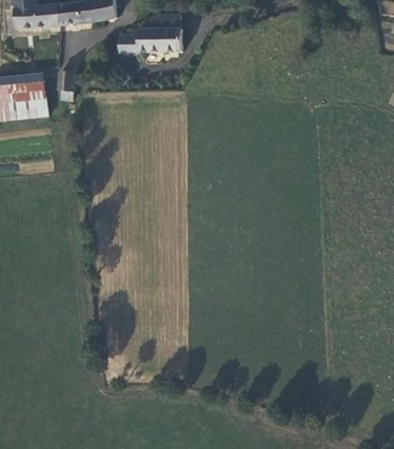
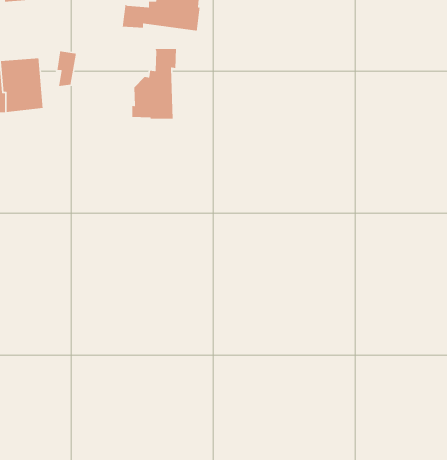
building: none -> [131,48,177,120]

